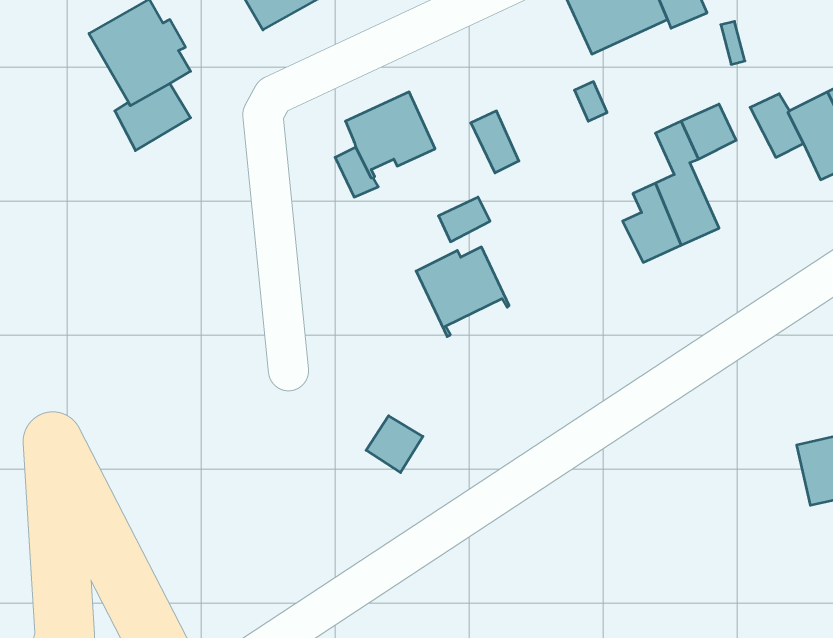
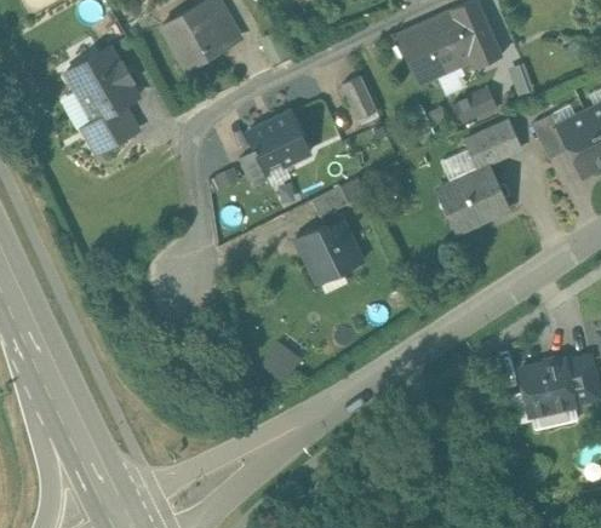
building: none -> [448,86,496,126]
building: [471,111,519,173] -> [342,76,376,120]
building: none -> [519,360,573,415]

